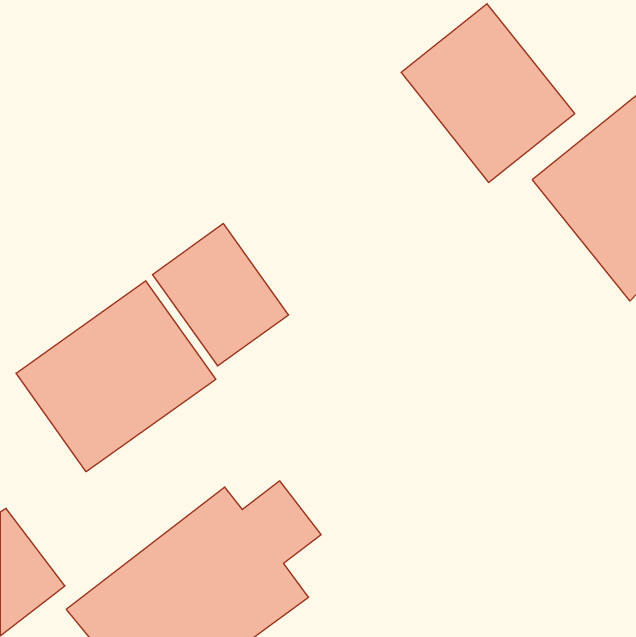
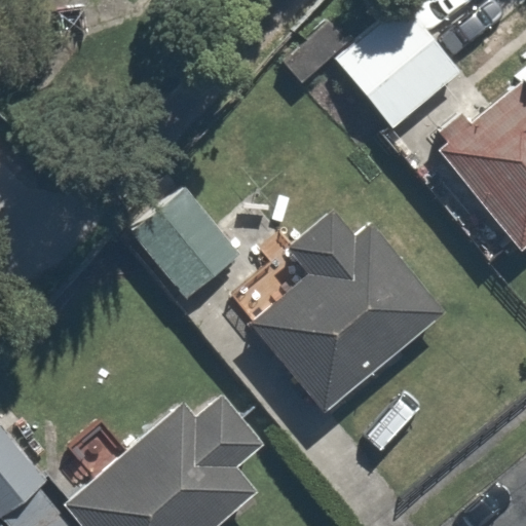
building: none -> [249,210,447,413]
building: [16,281,216,472] -> none

